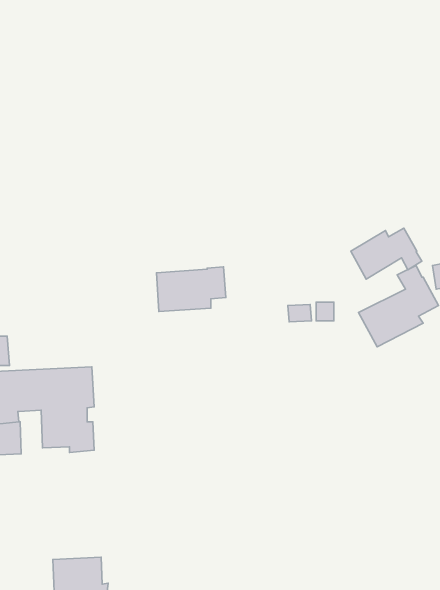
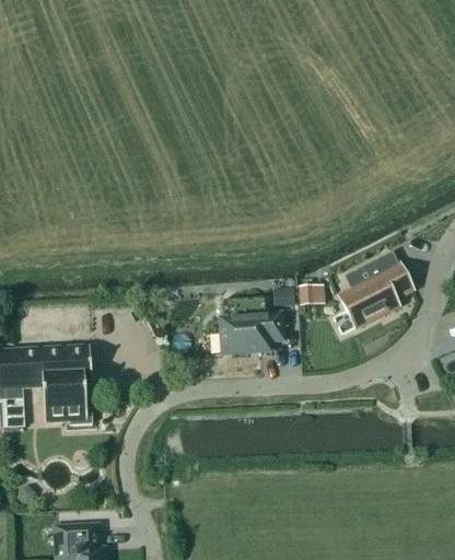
building: [351,228,422,279] -> none
building: [157,267,226,312] -> [218,312,282,353]

